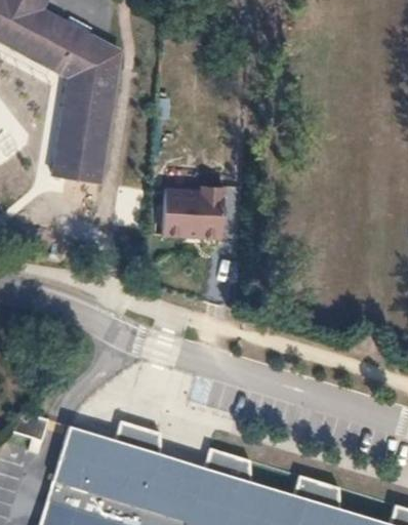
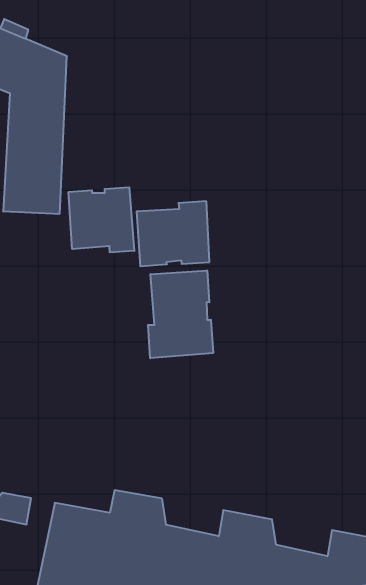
building: none -> [69,187,134,252]
building: none -> [148,270,213,358]

